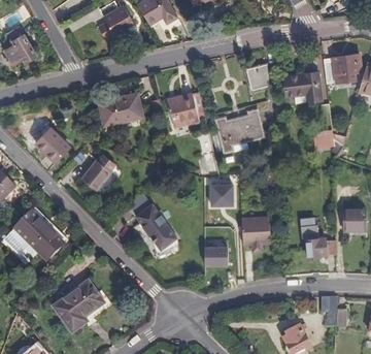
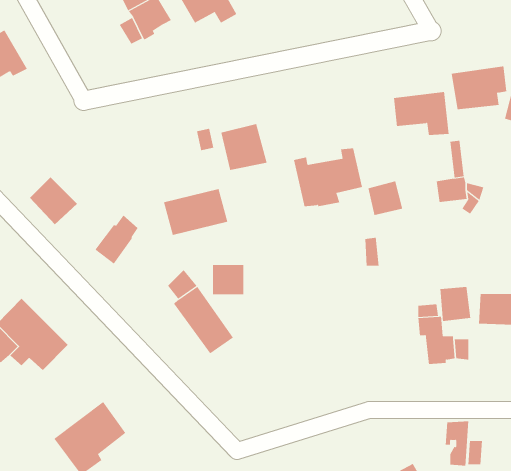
building: [248,64,269,89] -> none
building: [100,93,144,125] -> [163,188,228,235]
building: none -> [368,181,403,216]
building: [211,185,233,205] -> [212,264,244,295]
building: none -> [440,286,471,322]
building: [241,215,271,252] -> none
building: [204,246,227,264] -> none

